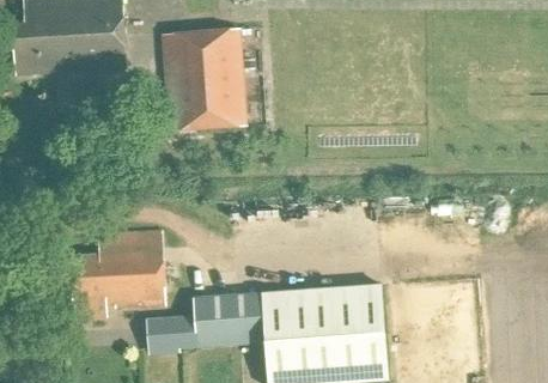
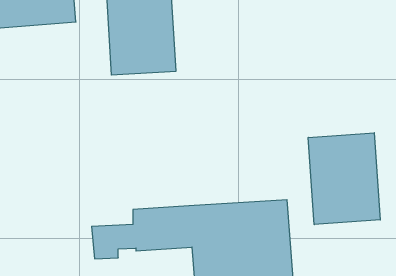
building: none -> [308,133,380,225]
building: [68,232,166,316] -> none

